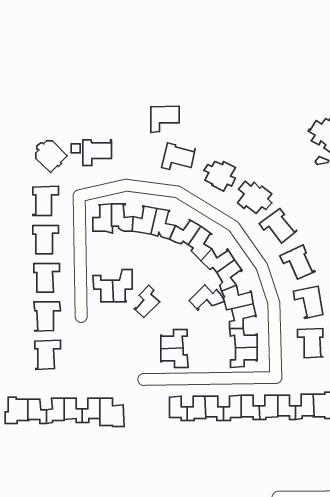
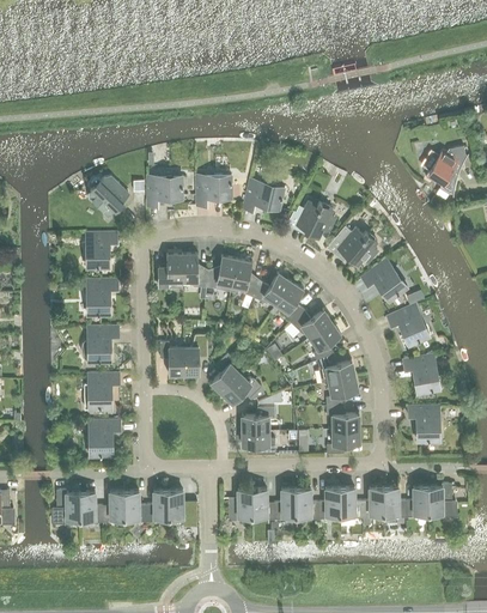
building: [151,106,179,132] -> [196,175,231,207]
building: [189,285,224,310] -> [221,374,264,405]
building: none -> [229,490,252,520]

